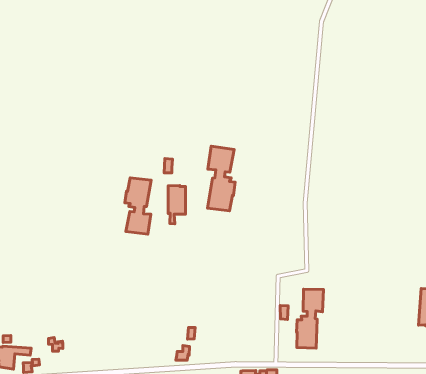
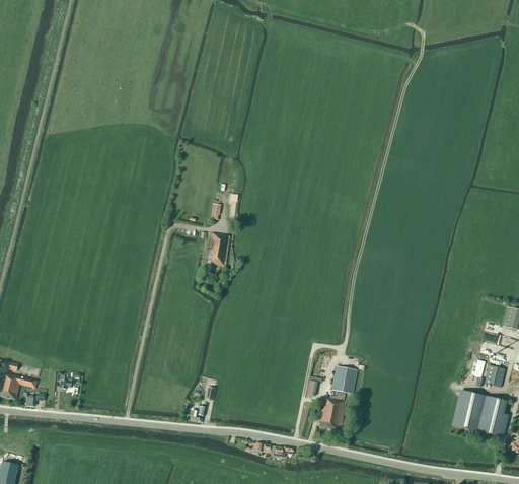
building: [208,146,235,211] -> none
building: [125,178,151,234] -> none

